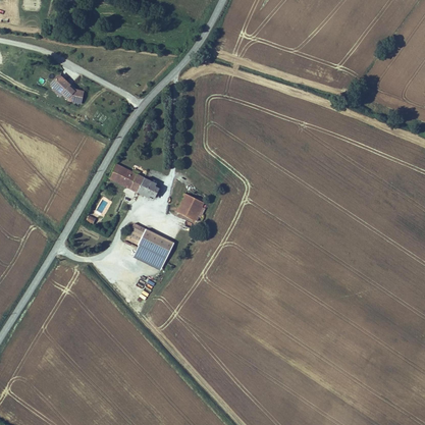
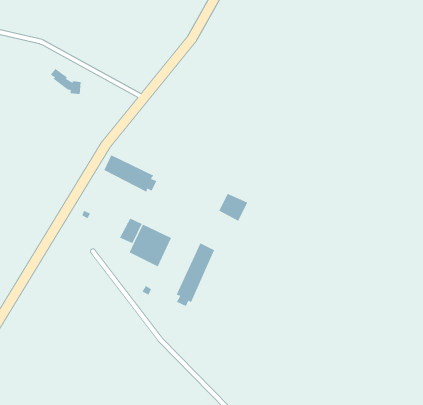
building: [176,194,205,221] -> [219,193,248,221]
building: none -> [176,243,215,307]

